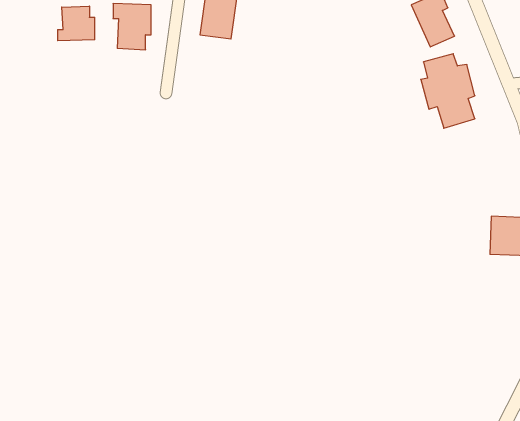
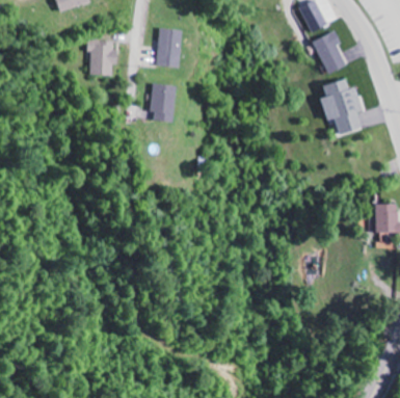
building: [58,6,95,41] -> none
building: none -> [148,83,176,122]

